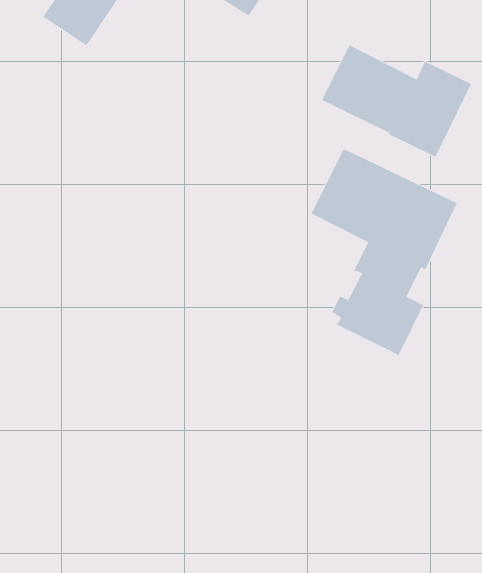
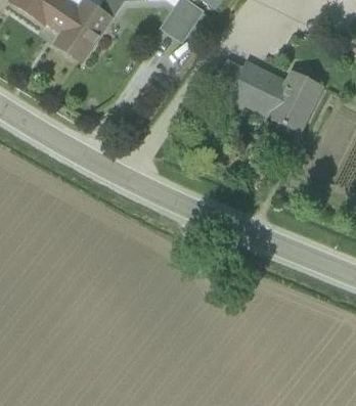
building: [311,148,458,356] -> none

